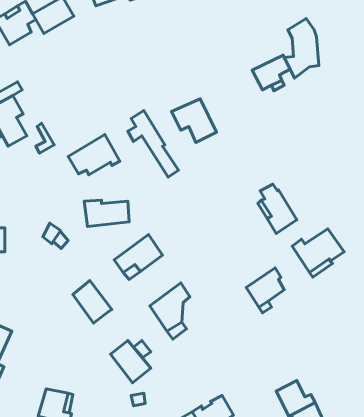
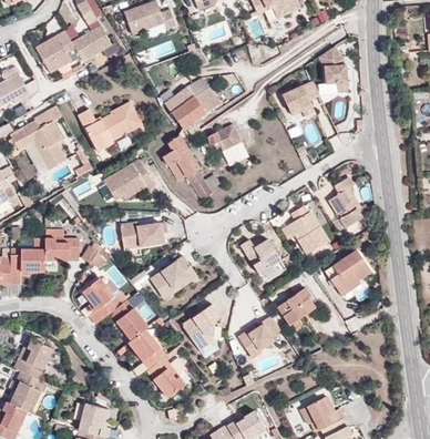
building: none -> [163,76,219,129]
building: none -> [76,101,142,152]
building: none -> [328,177,361,228]
building: none -> [44,237,79,261]
building: none -> [239,238,279,272]
building: none -> [81,277,126,319]
building: none -> [238,315,284,358]
building: none -> [127,329,165,369]

